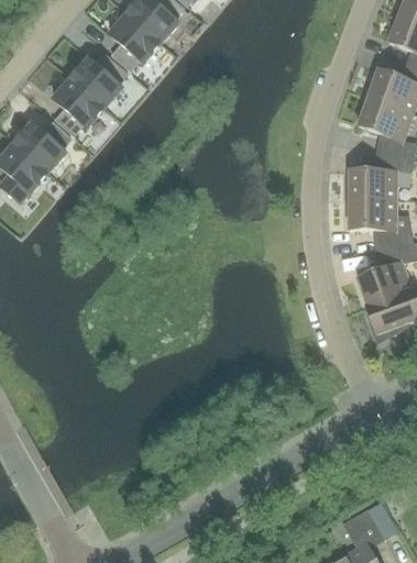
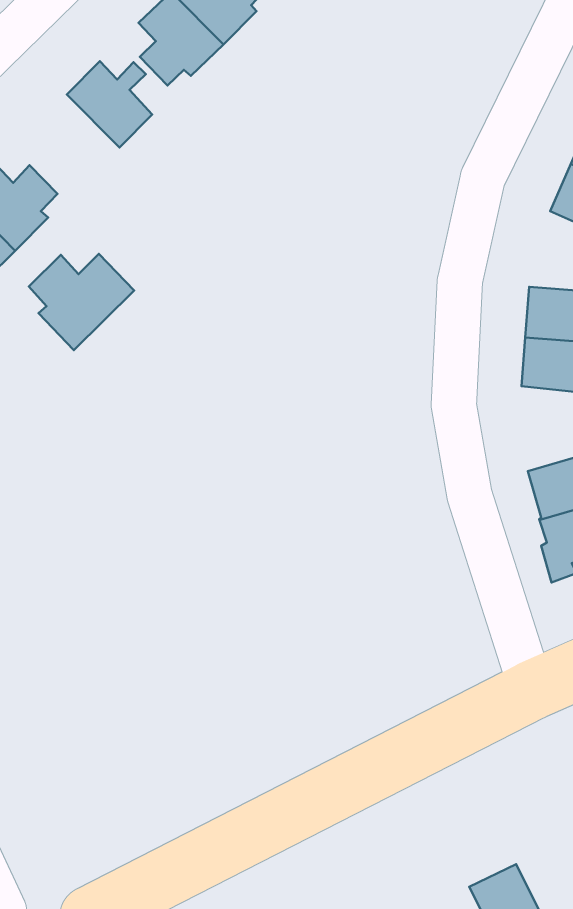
building: [54,78,105,133] -> none
building: none -> [29,254,134,350]

